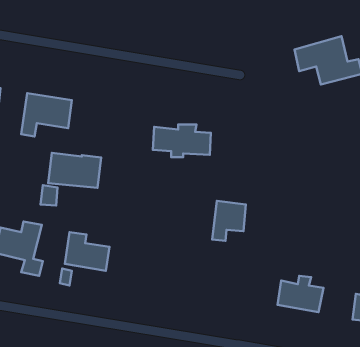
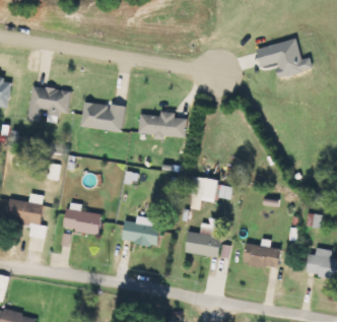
building: [48,153,101,188] -> [80,102,125,131]
building: none -> [122,216,159,246]
building: none -> [185,218,229,259]

